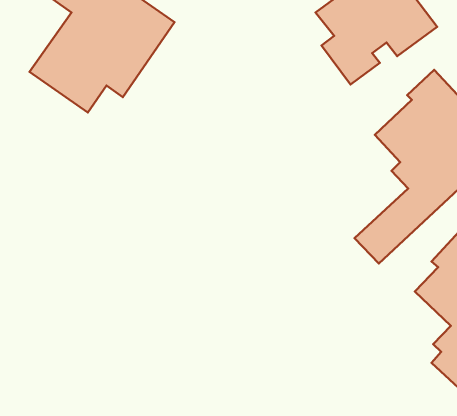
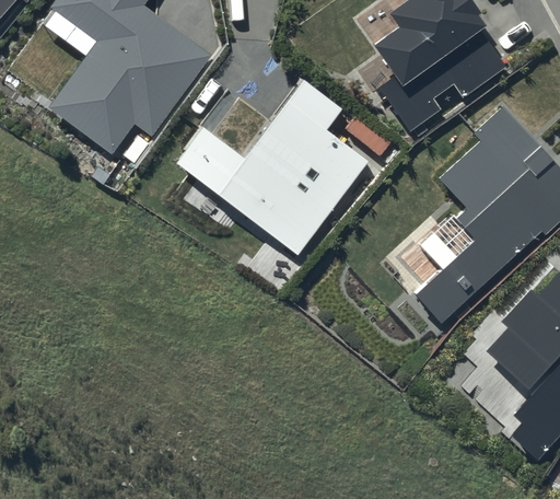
building: none -> [175,80,369,256]

